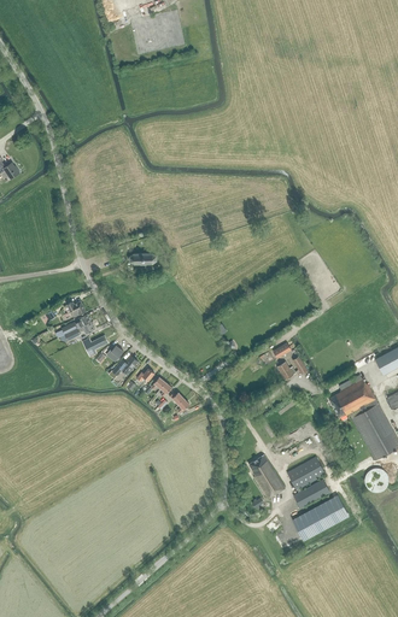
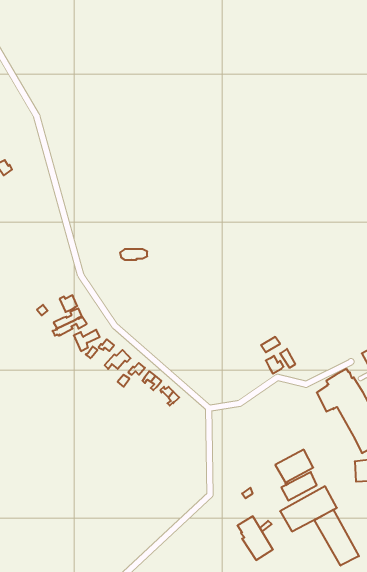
building: [248,454,285,499] -> [237,516,273,560]
building: none -> [314,510,359,566]

